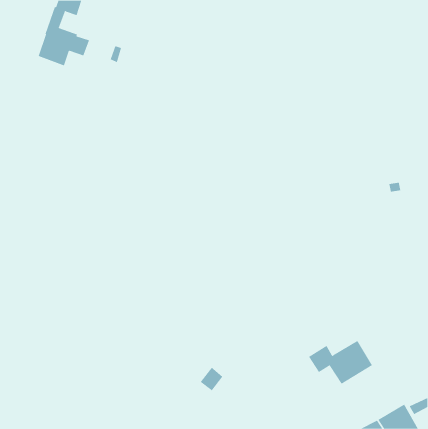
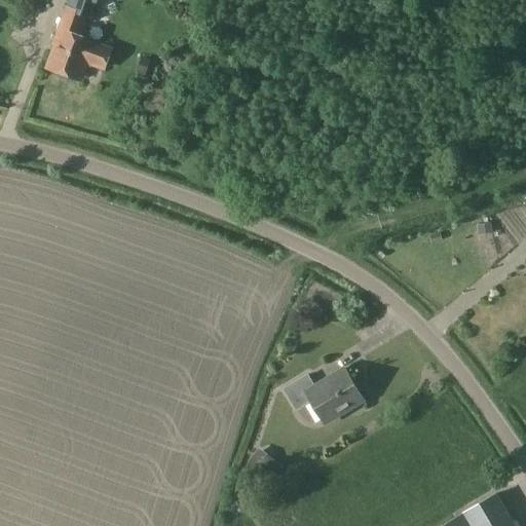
building: [308,340,373,385] -> [284,369,363,423]

